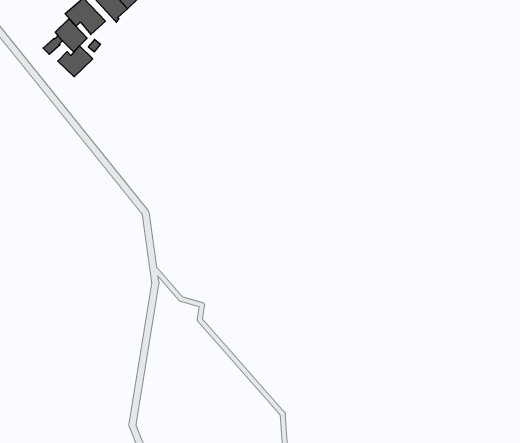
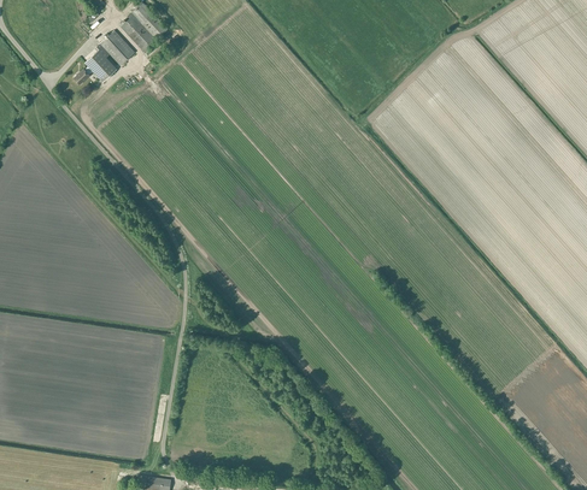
building: [58,46,93,77] -> none

